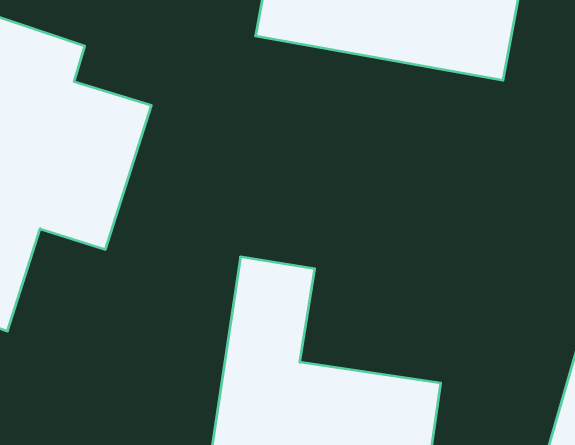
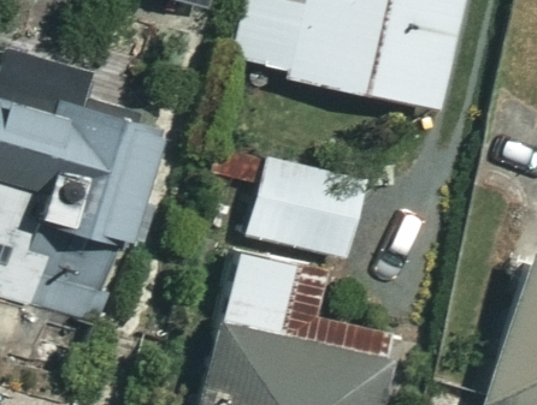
building: none -> [246,155,362,257]

